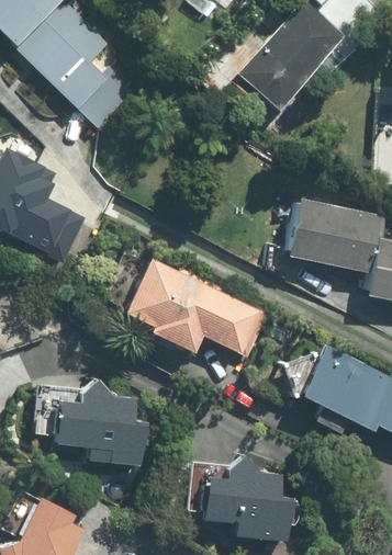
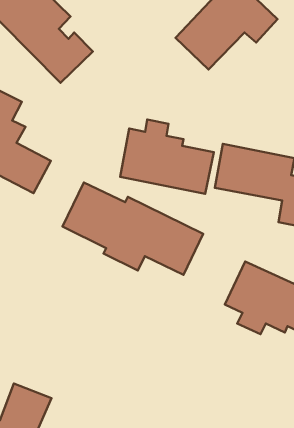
building: none -> [120,120,214,194]
building: [40,383,142,464] -> none
building: [187,454,290,540] -> none

